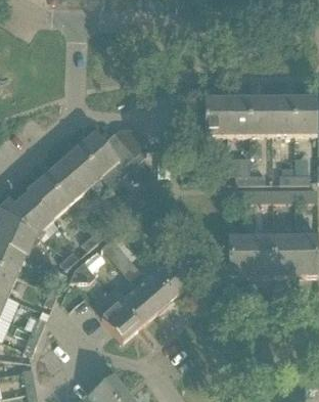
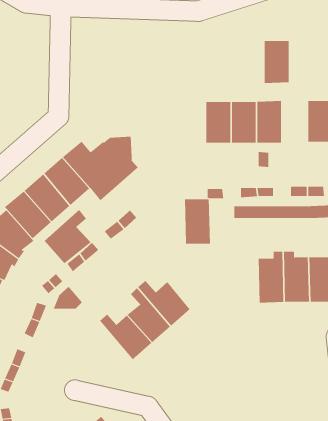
building: [272,96,294,134] -> [264,41,289,84]
building: none -> [44,209,91,264]
building: [228,235,252,275] -> [184,199,211,244]
building: [101,291,140,341] -> none

